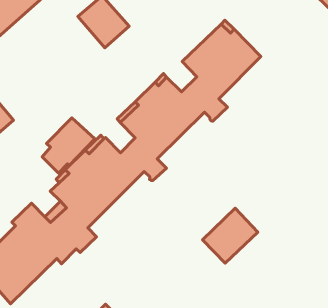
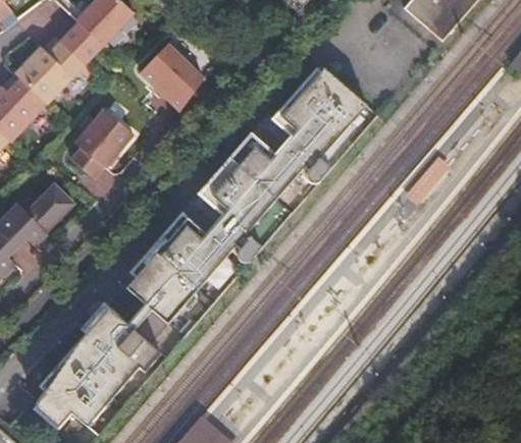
building: [42,118,95,173] -> [72,110,135,178]
building: [203,208,258,263] -> none

